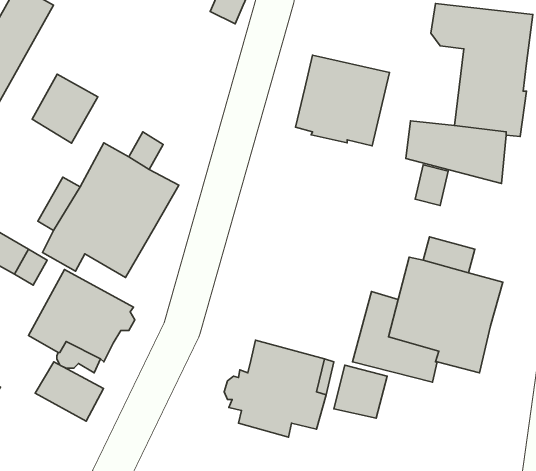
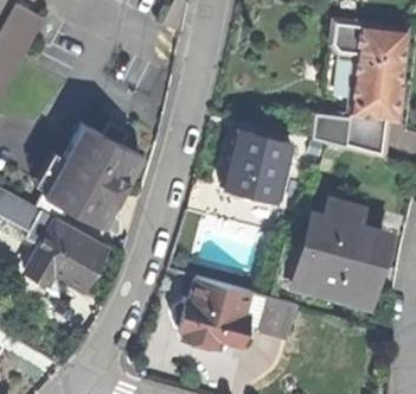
building: [295,55,389,146] -> [222,131,293,199]
building: [32,74,98,143] -> none
building: [35,362,103,421] -> none

